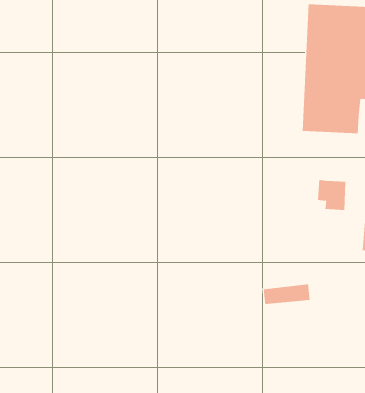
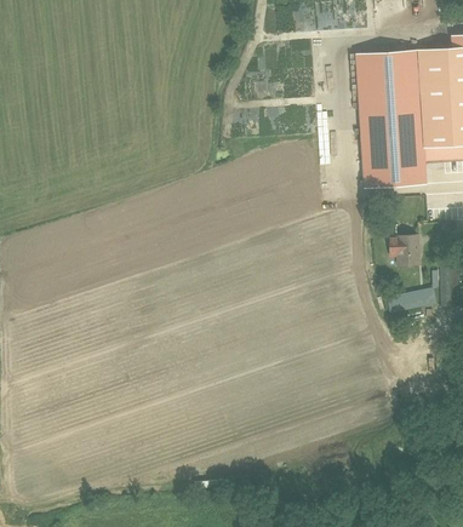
building: [263,284,310,304] -> [385,286,436,313]

